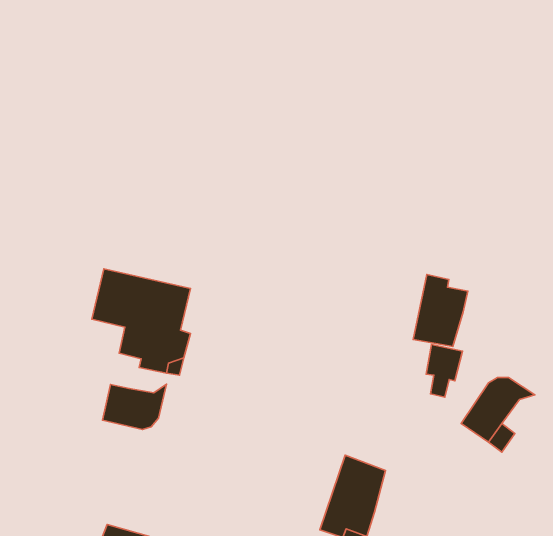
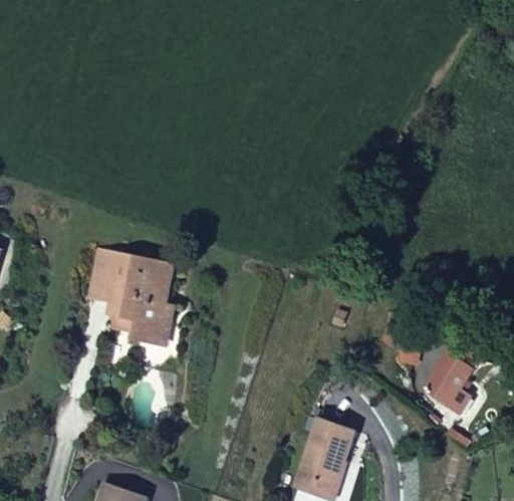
building: [413,275,468,347] -> none
building: [102,384,166,429] -> none

